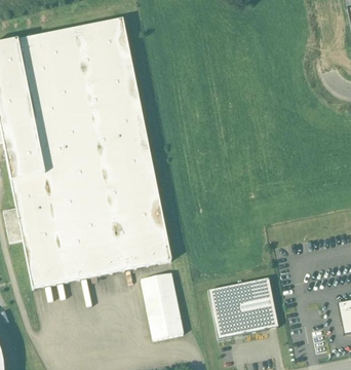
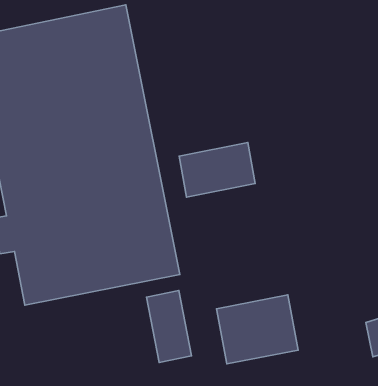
building: none -> [179,143,255,197]

